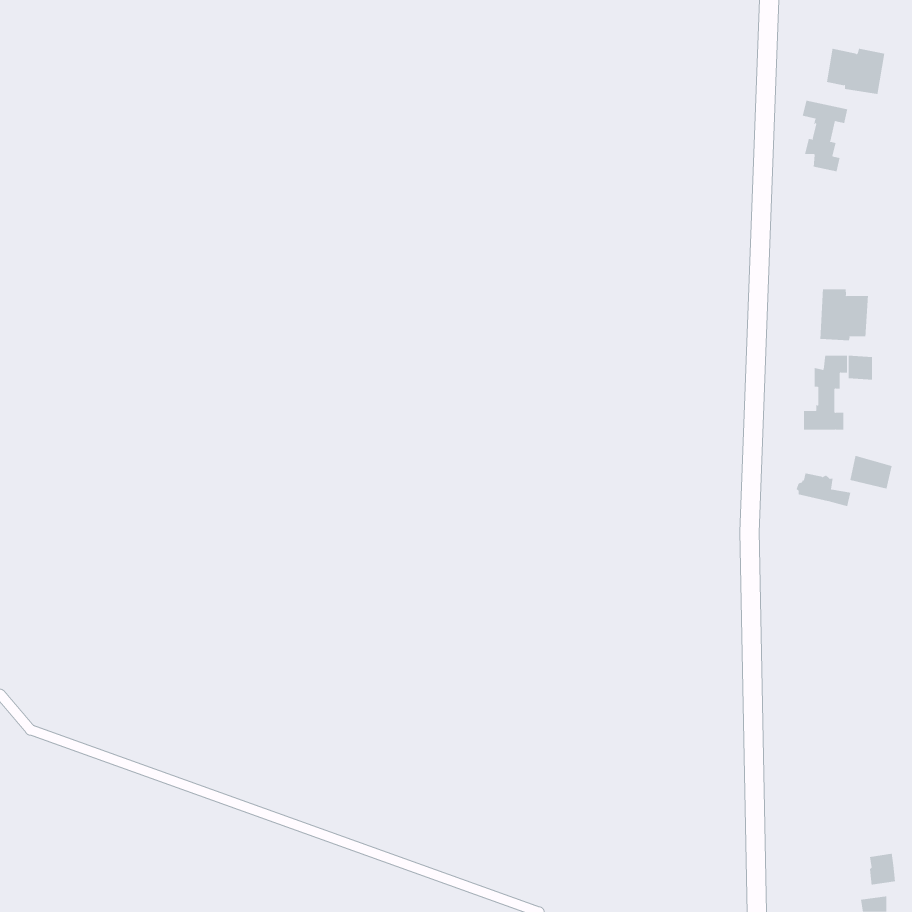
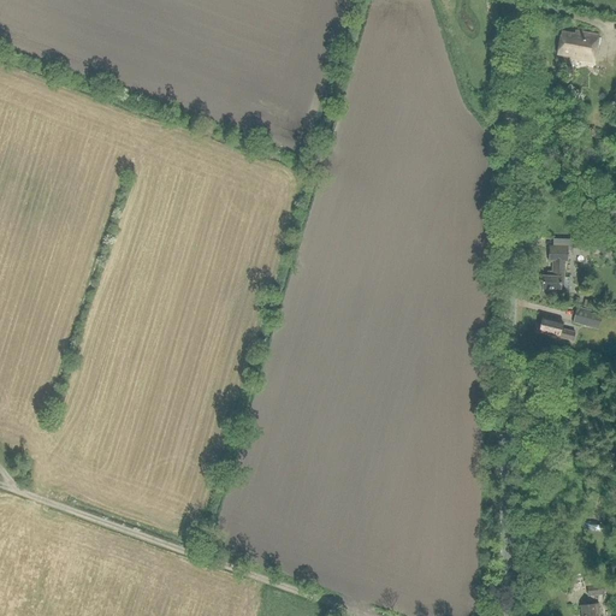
building: [802,100,848,172] -> none
building: [820,288,868,341] -> none

